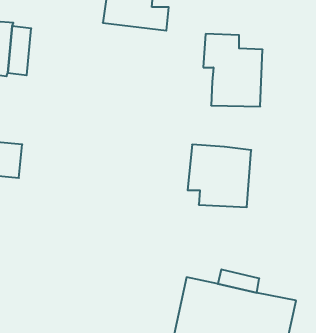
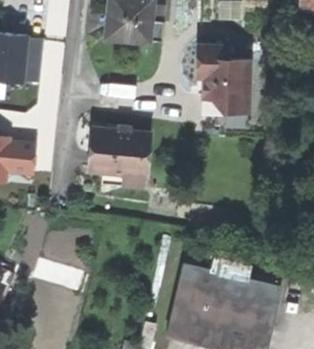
building: [188,145,251,207] -> [91,131,148,187]

